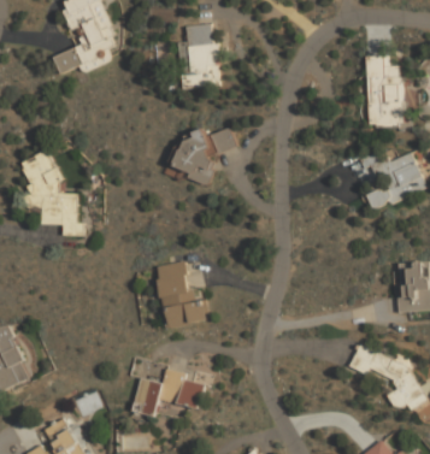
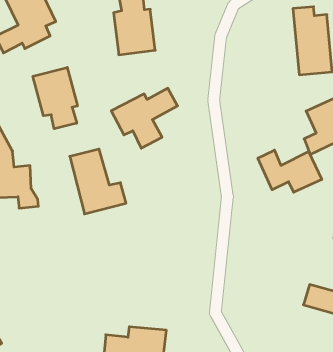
building: none -> [33,67,77,129]
building: none -> [258,150,322,192]
building: [155,263,210,329] -> [70,149,126,214]

